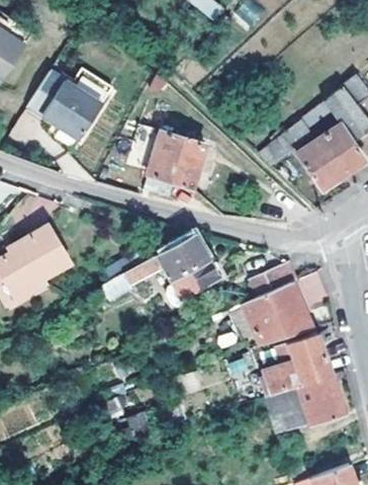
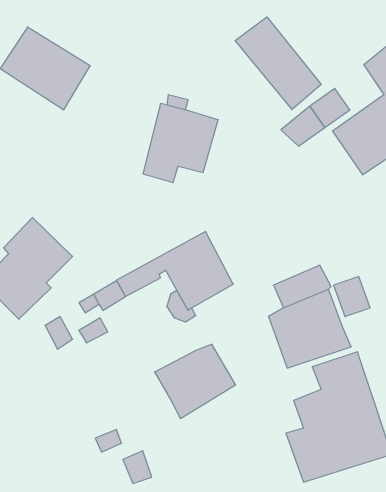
building: none -> [235,17,321,110]
building: none -> [155,344,235,419]

